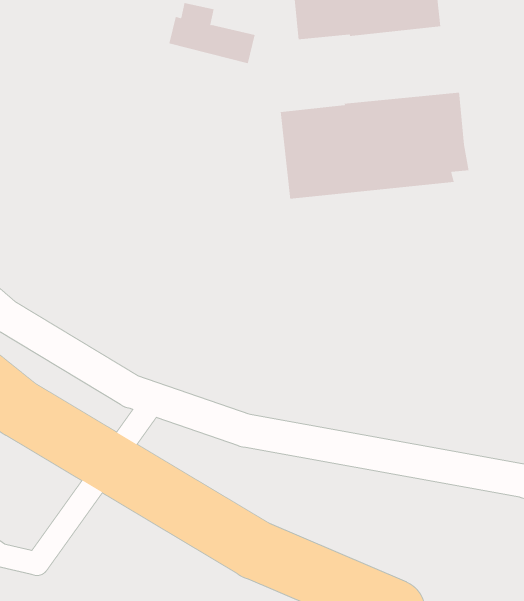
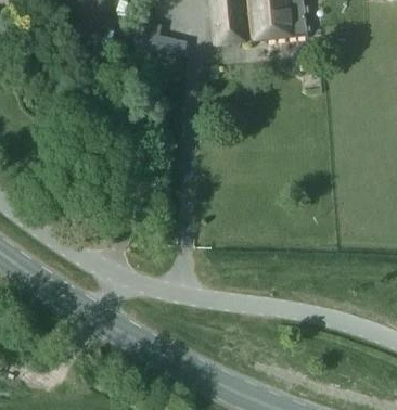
building: [280,92,469,200] -> none

